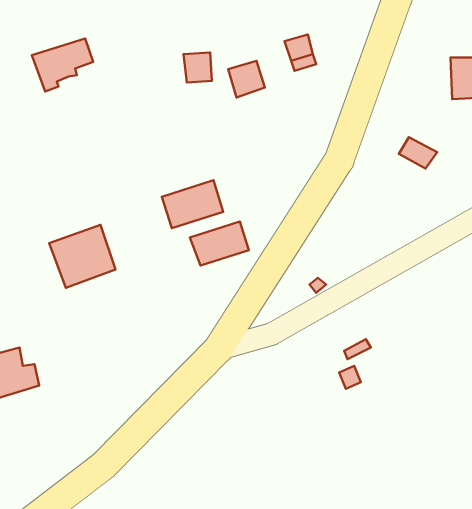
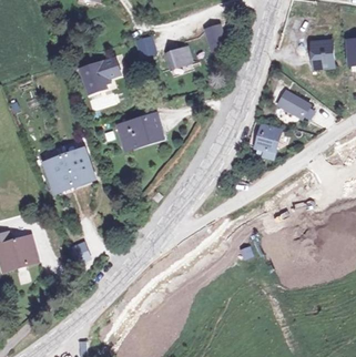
building: [32,39,93,92] -> [81,60,122,95]
building: none -> [252,125,282,164]
building: [190,221,249,266] -> none

